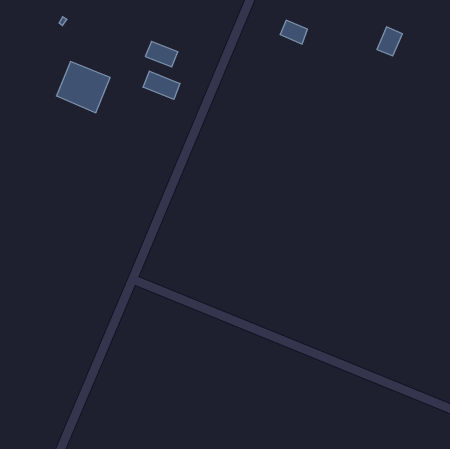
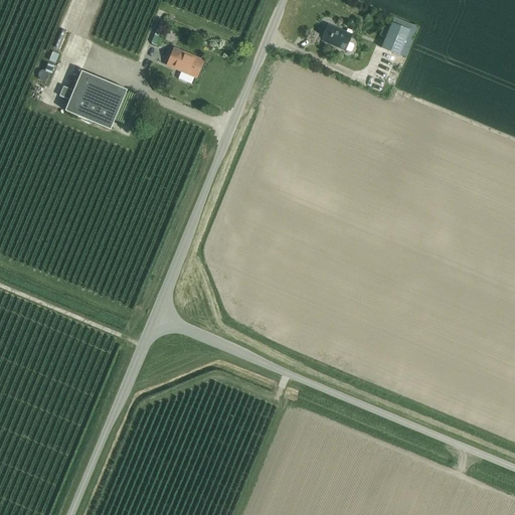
building: [377,27,402,56] -> [380,21,409,54]
building: [143,71,180,99] -> none

